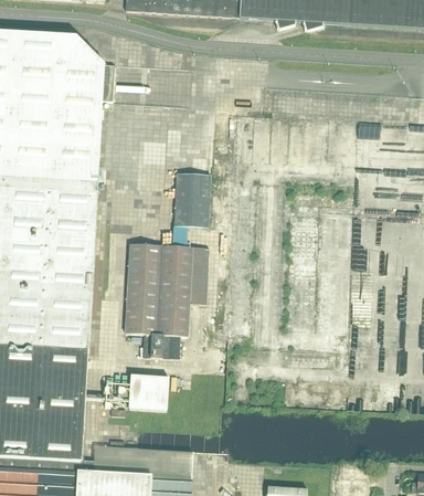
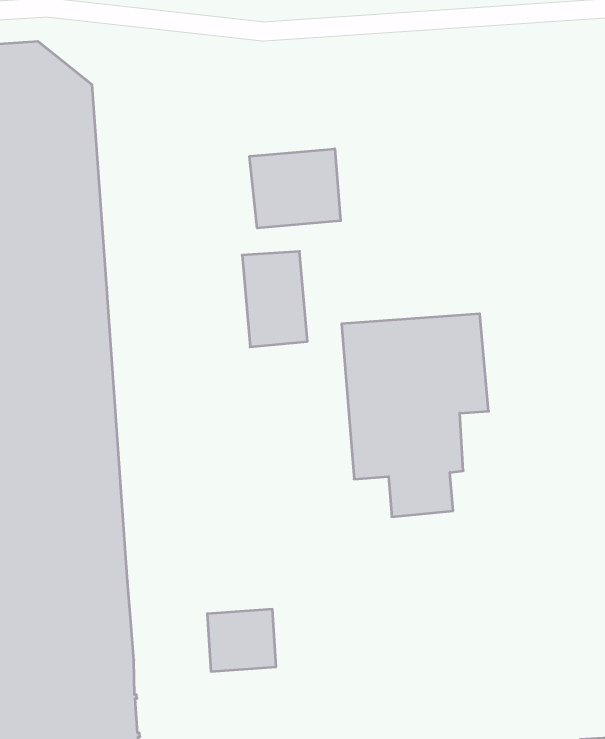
building: none -> [250,149,341,228]
building: [126,242,210,357] -> [342,314,489,517]

